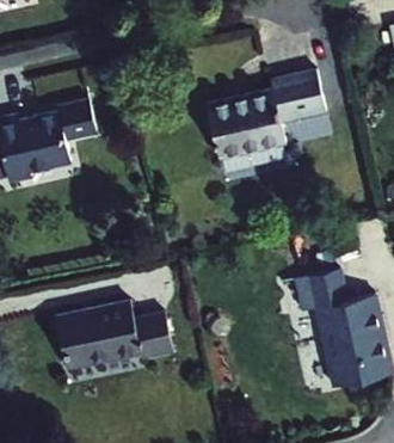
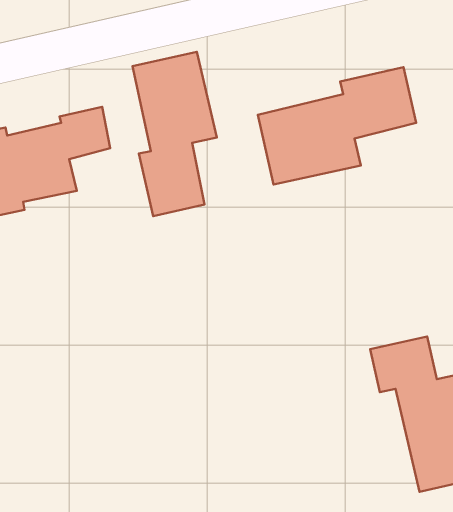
building: none -> [132,52,217,216]
building: [54,303,172,373] -> none

